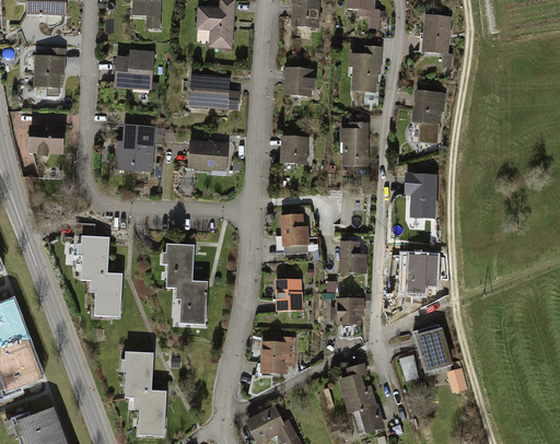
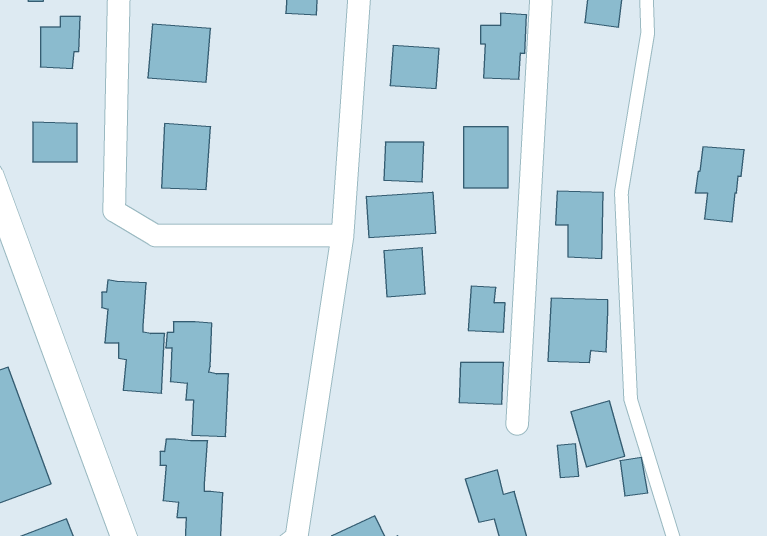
building: [189,73,233,112] -> none
building: [410,91,445,144] -> [695,147,744,222]
building: [189,142,229,172] -> none
building: none -> [366,192,435,238]
building: [160,242,205,324] -> [166,322,229,437]
building: [273,277,301,308] -> none
building: [255,337,292,374] -> none

